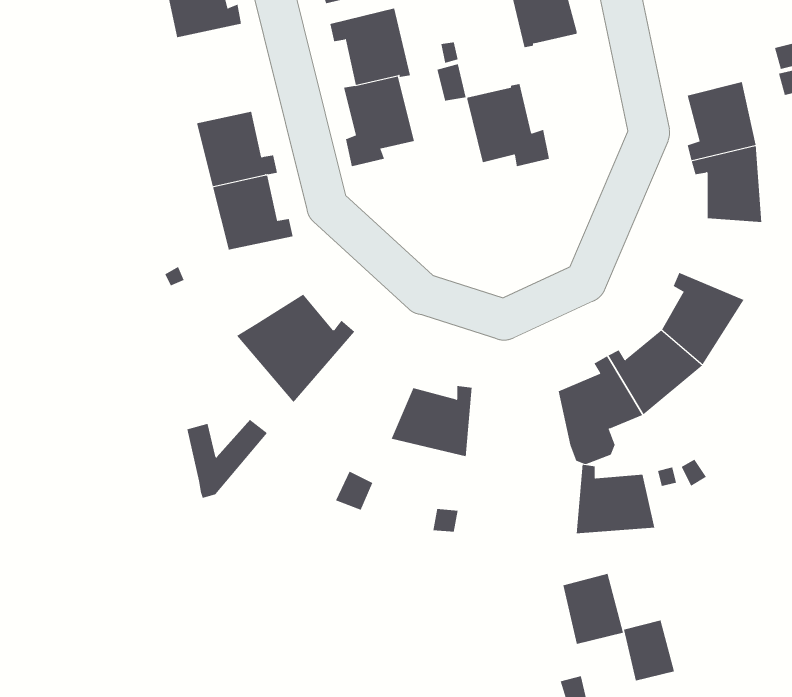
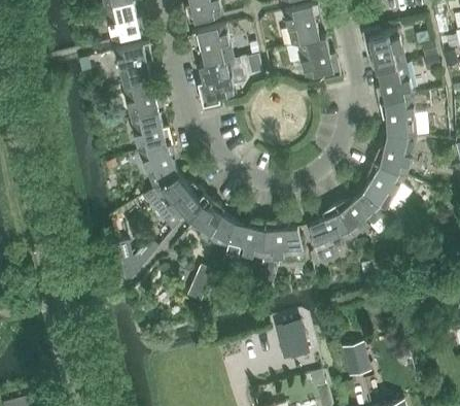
building: none -> [362,27,405,70]
building: none -> [115,42,151,84]
building: [466,83,550,167] -> [297,36,341,79]
building: none -> [373,134,416,176]
building: none -> [139,143,178,189]
building: none -> [188,199,235,248]
building: [576,464,655,534] -> [262,222,304,258]
building: [562,573,624,645] -> [277,320,309,358]

